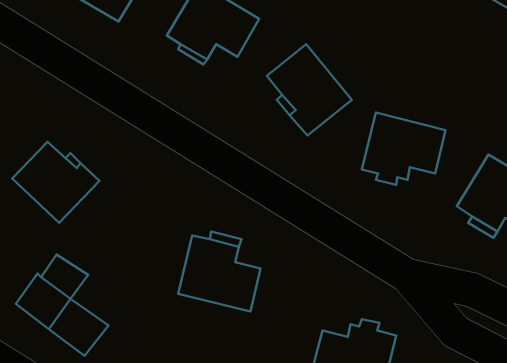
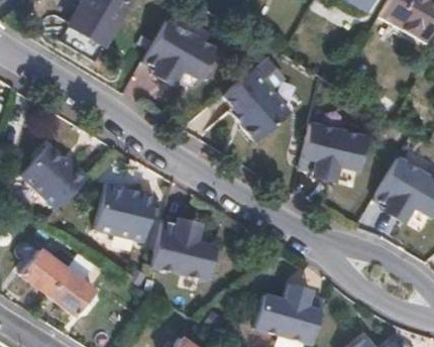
building: none -> [95,182,154,240]

